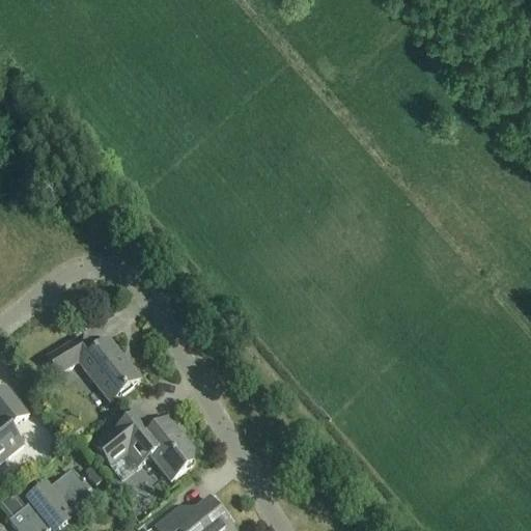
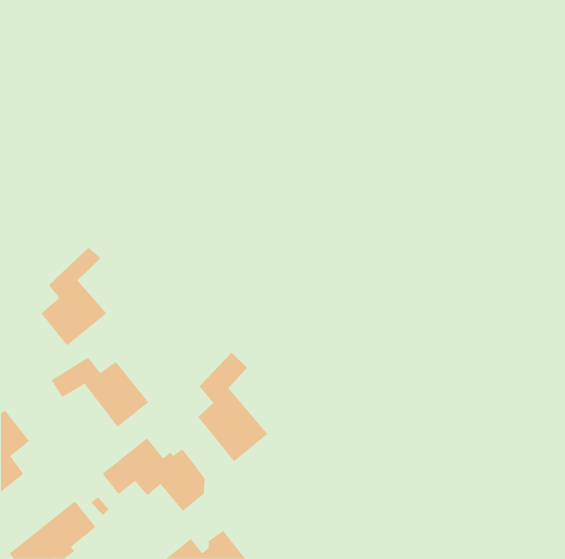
building: none -> [40,247,107,346]
building: none -> [198,352,268,462]

